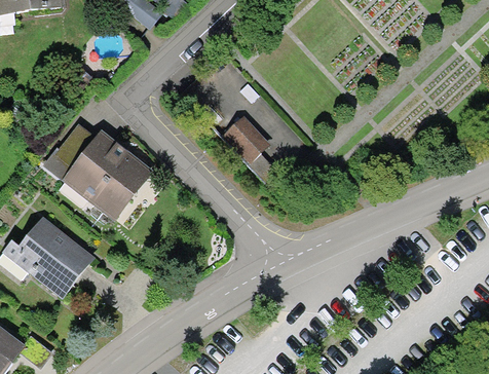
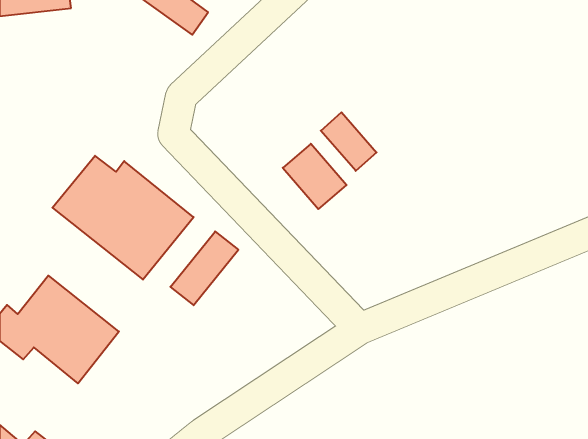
building: none -> [321,112,377,171]
building: none -> [170,231,238,305]

